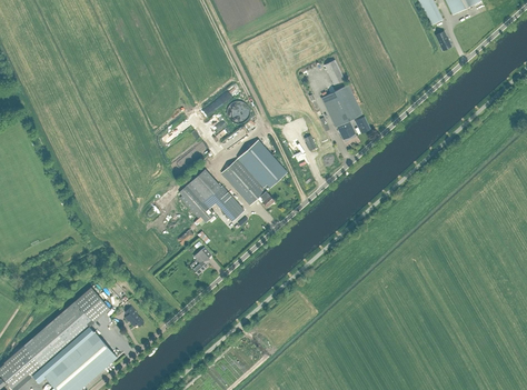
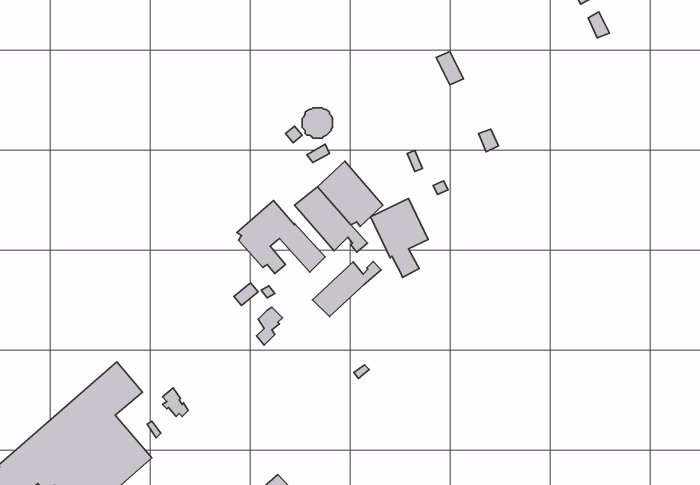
building: [321,84,364,142] -> [370,198,428,278]
building: none -> [312,261,381,317]

